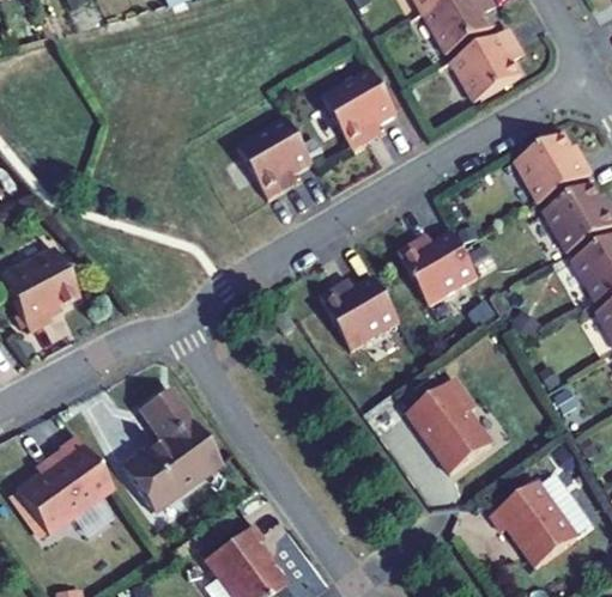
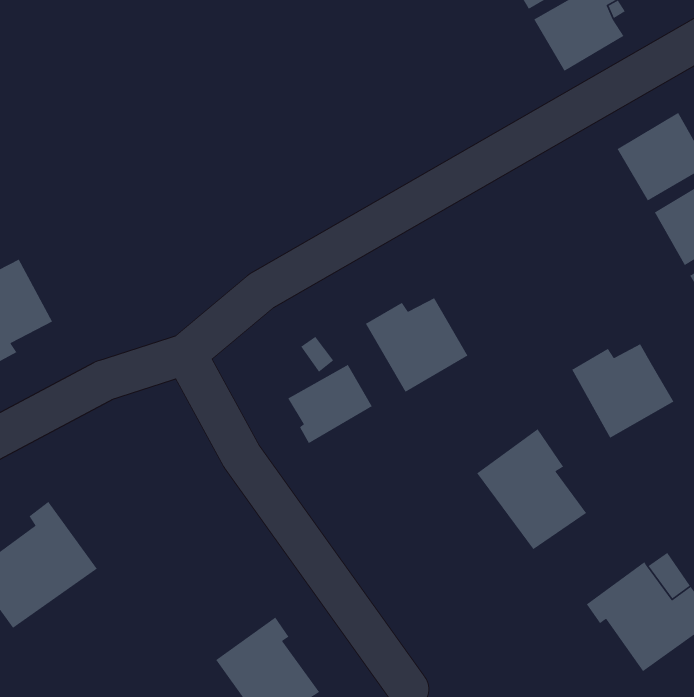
building: [321,68,398,151] -> none
building: [237,117,313,200] -> none
building: [398,231,478,305] -> [571,343,675,439]
building: none -> [287,364,373,444]
building: [120,388,220,511] -> none

